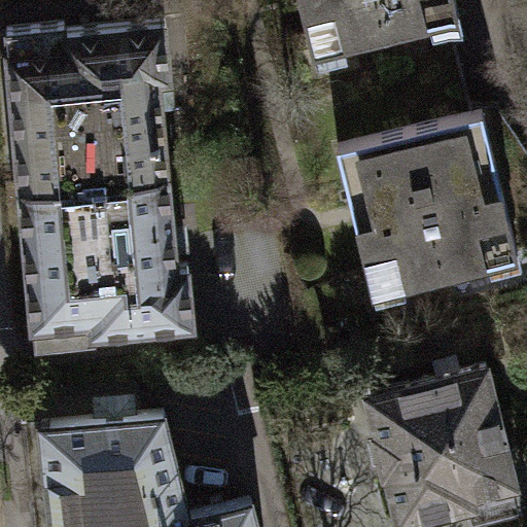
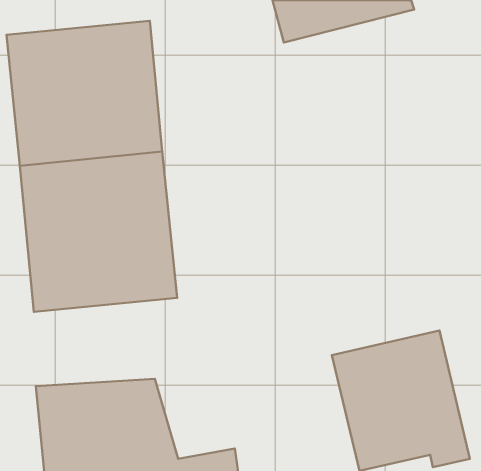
building: [333,118,510,296] -> none

